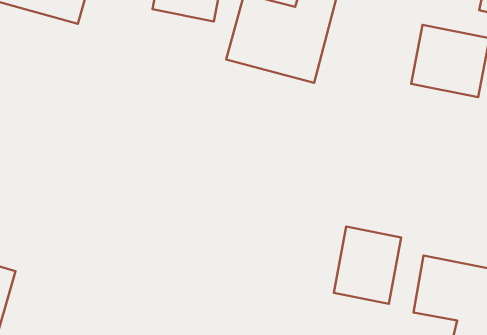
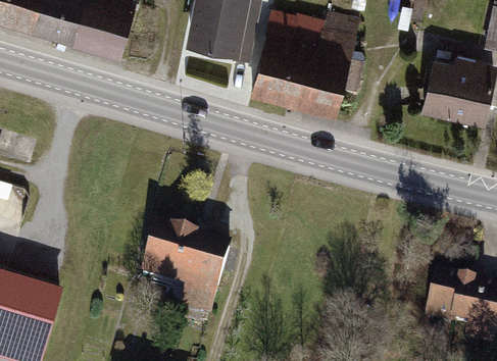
building: none -> [140,225,231,314]
building: [334,227,401,304] -> none

